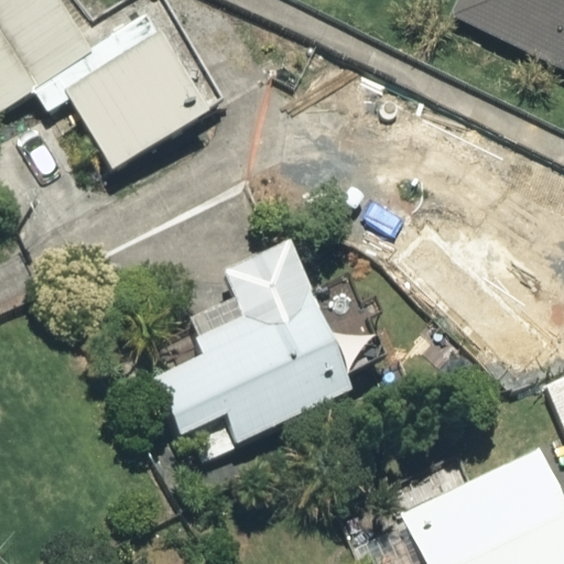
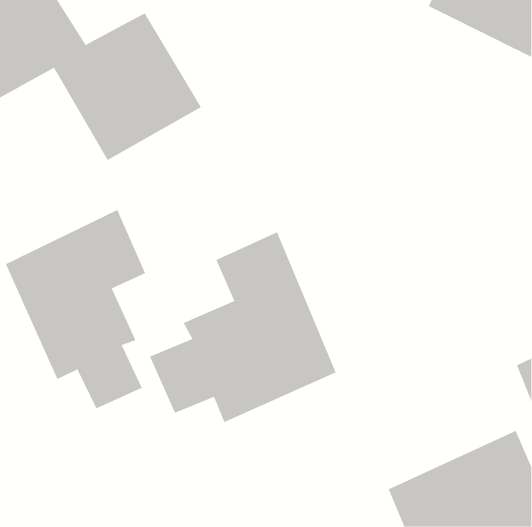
building: none -> [5,209,146,409]

